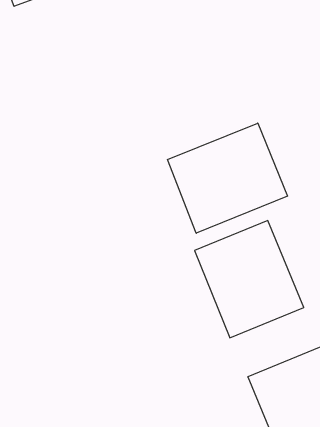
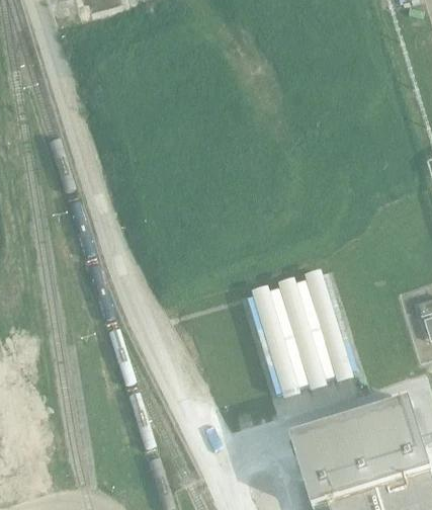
building: [167,123,288,233] -> none

